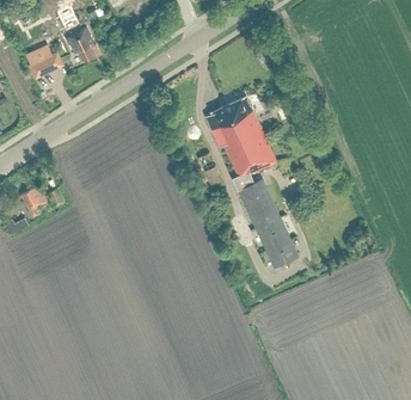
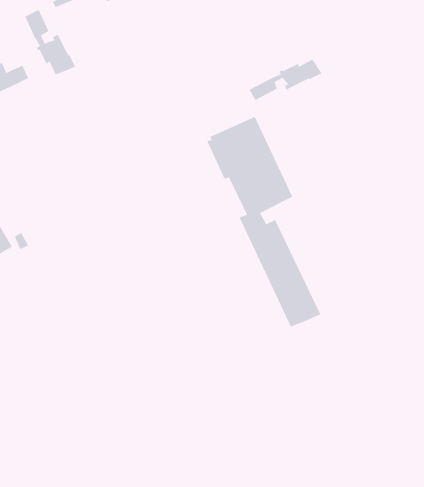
building: none -> [249,59,322,101]

